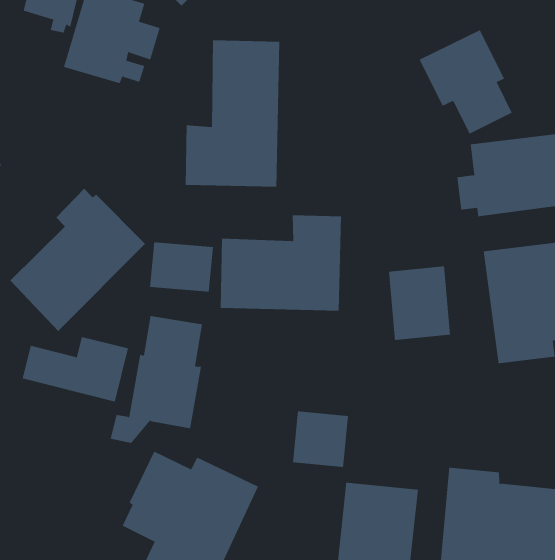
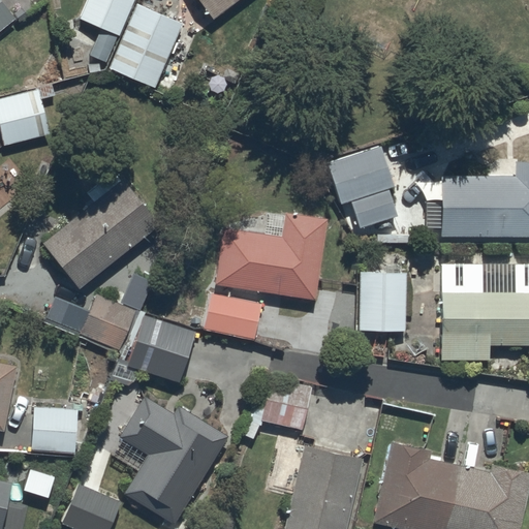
building: [419,30,513,134] -> [325,144,398,229]
building: [185,39,280,187] -> none
building: [149,242,214,292] -> [205,293,262,341]
building: none -> [33,405,80,447]

